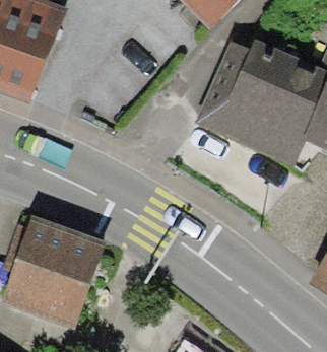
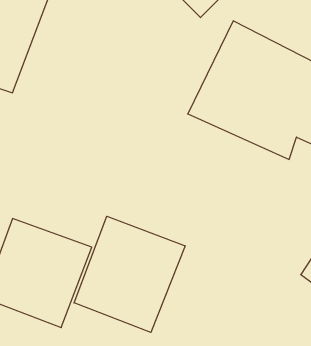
building: none -> [74,216,185,332]

